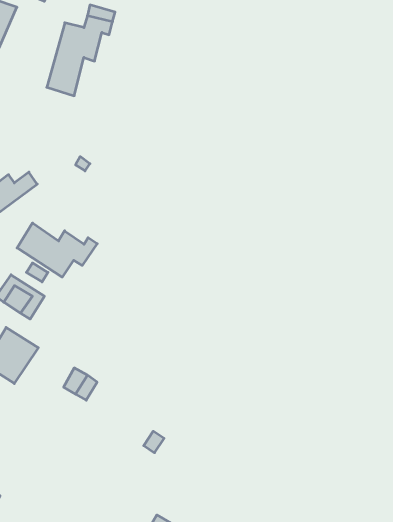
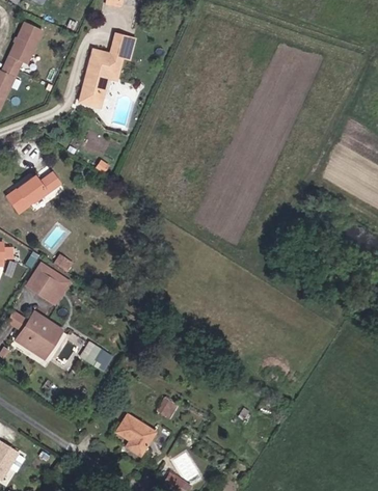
building: [17,223,97,277] -> none
building: none -> [112,414,151,454]

